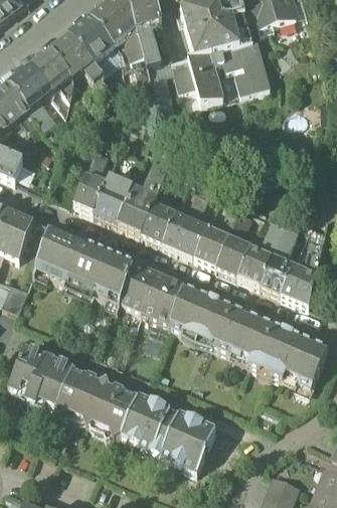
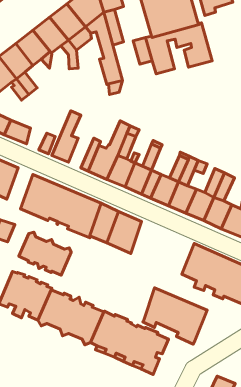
building: [94,175,125,217] -> none
building: [169,283,247,351] -> [143,288,207,344]
building: none -> [19,232,71,275]

